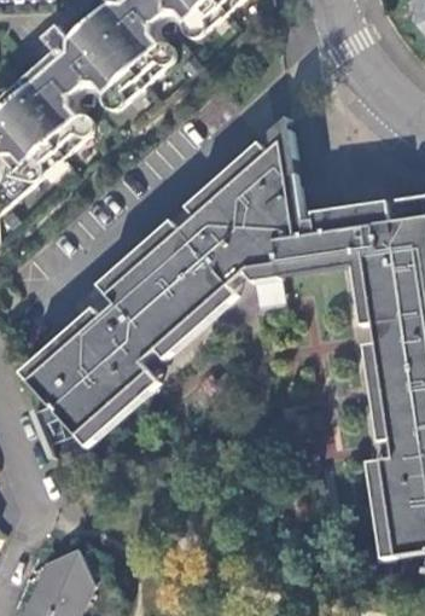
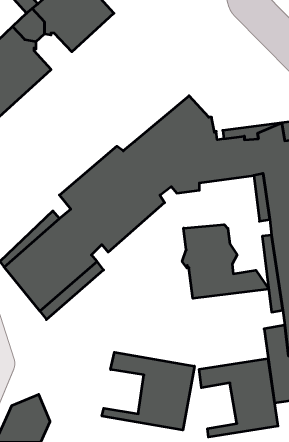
building: [187,122,296,219] -> none
building: none -> [182,225,269,298]
building: none -> [102,352,194,430]
building: none -> [199,359,278,437]

